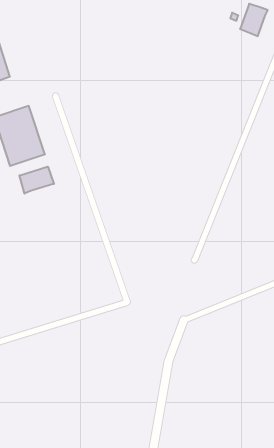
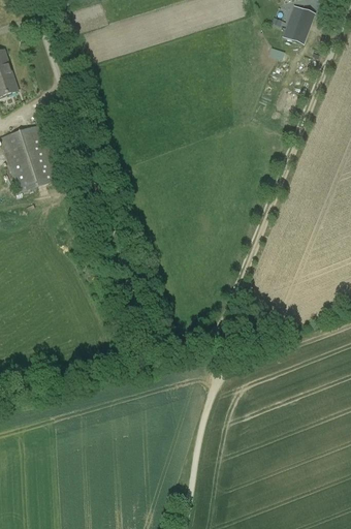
building: [19,167,54,194] -> none

